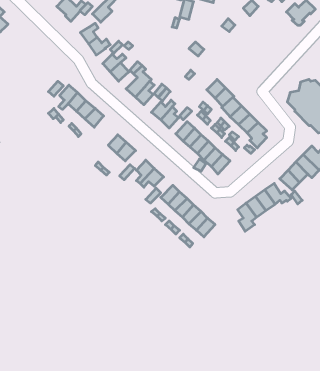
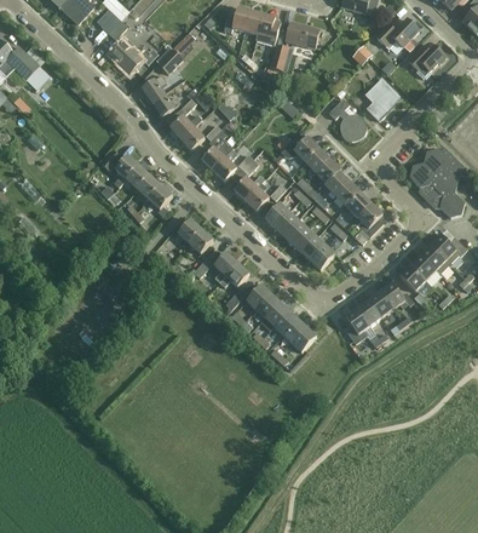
building: none -> [365,78,395,120]
building: none -> [328,98,365,141]
building: none -> [281,132,318,161]

